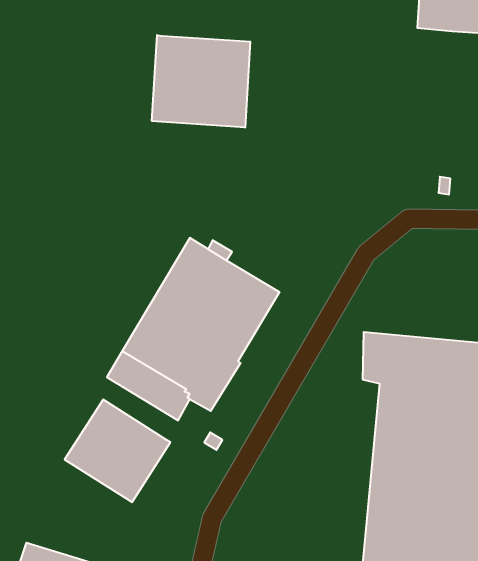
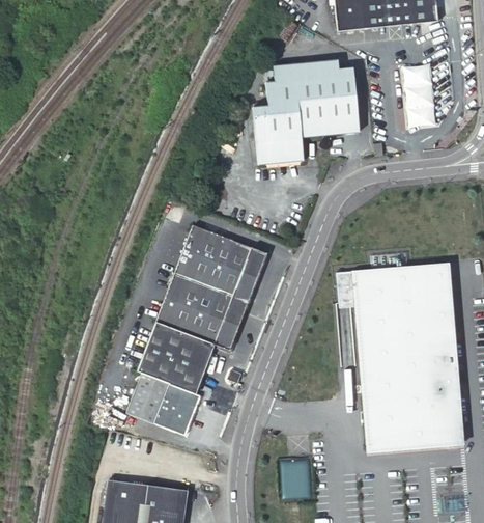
building: [152,35,250,128] -> none
building: none -> [253,59,359,163]
building: none -> [139,339,205,380]

